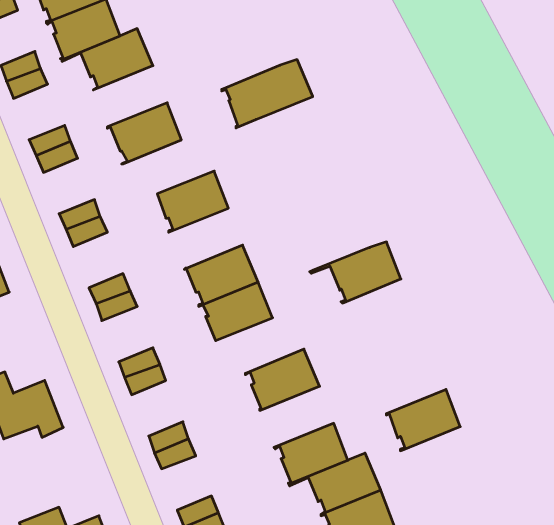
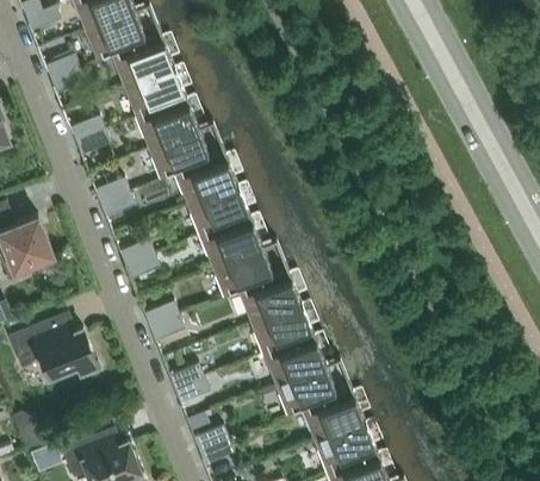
building: [222,60,313,128] -> [149,124,225,181]
building: none -> [124,67,186,118]
building: none -> [187,186,249,237]
building: [310,242,401,303] -> [224,273,300,324]
building: [386,389,460,451] -> [263,335,325,386]

